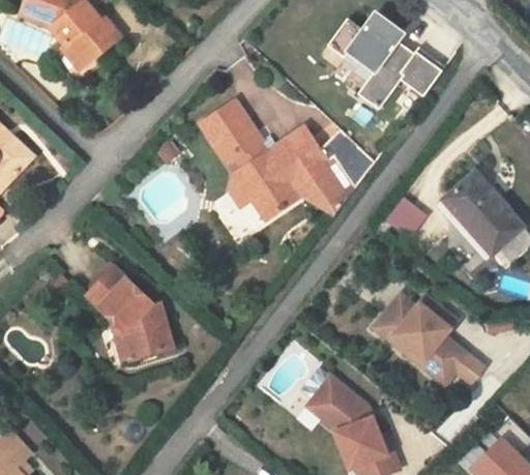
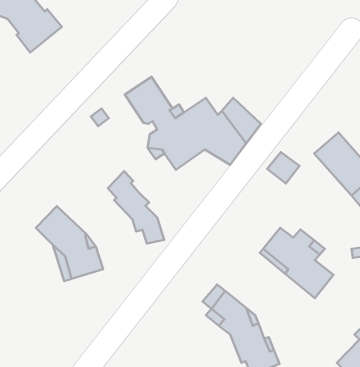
building: [328,14,444,110] -> none
building: none -> [108,171,164,243]

